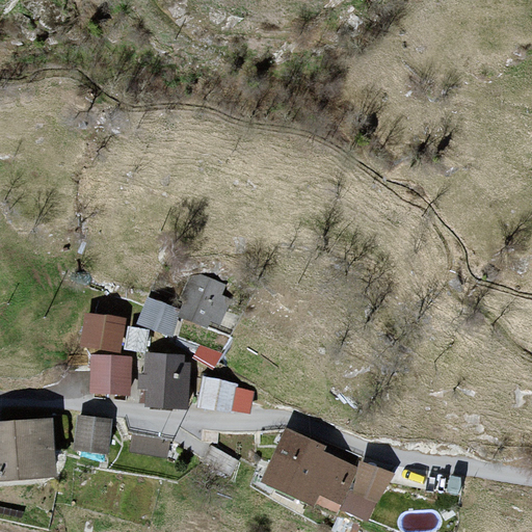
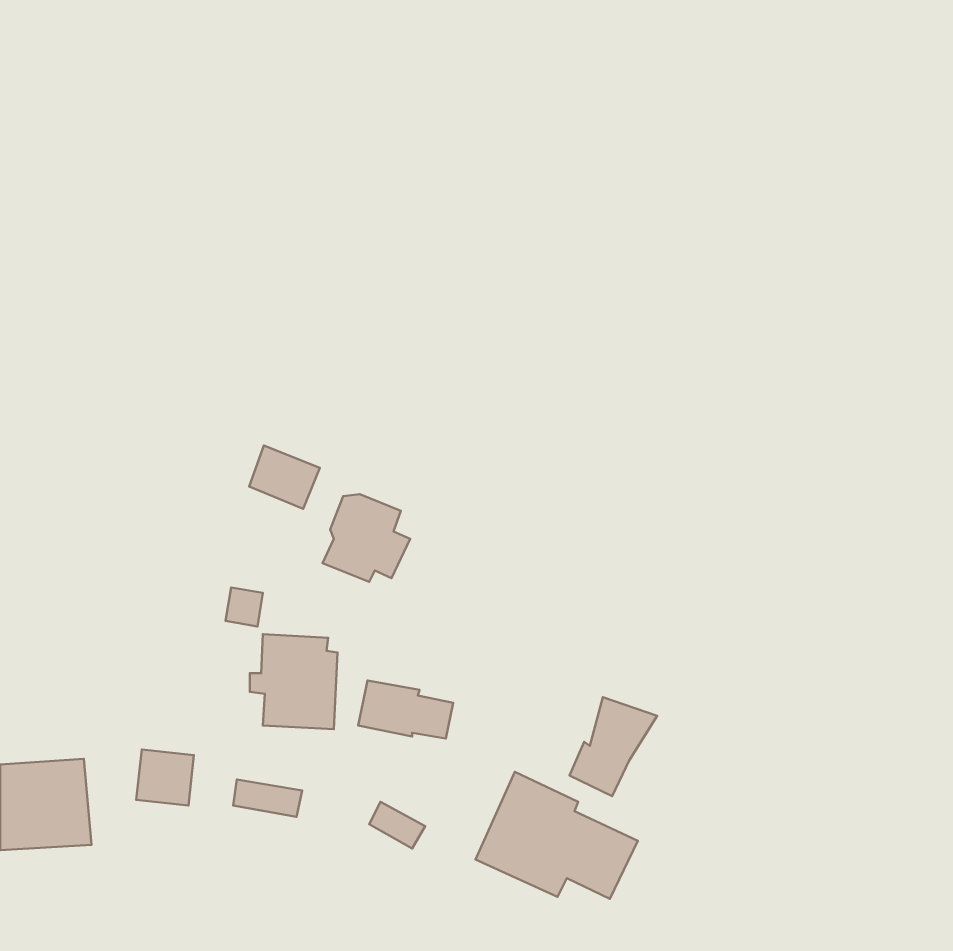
building: [139,298,179,334] -> [249,445,320,509]
building: [82,314,124,349] -> none
building: [91,356,129,391] -> none
building: [343,463,392,518] -> [569,697,657,796]

